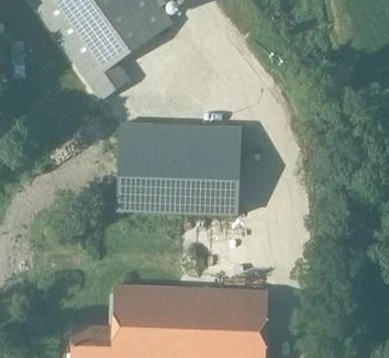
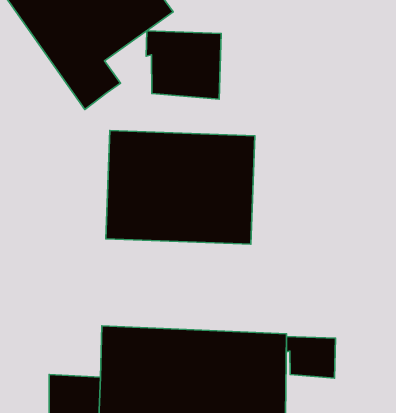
building: none -> [146,31,221,99]
building: none -> [286,336,336,378]

